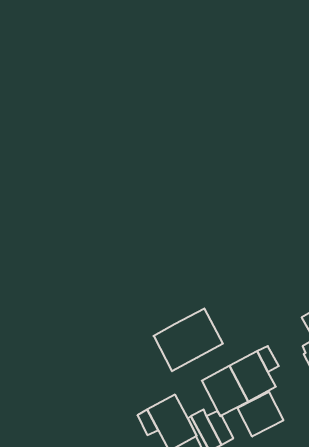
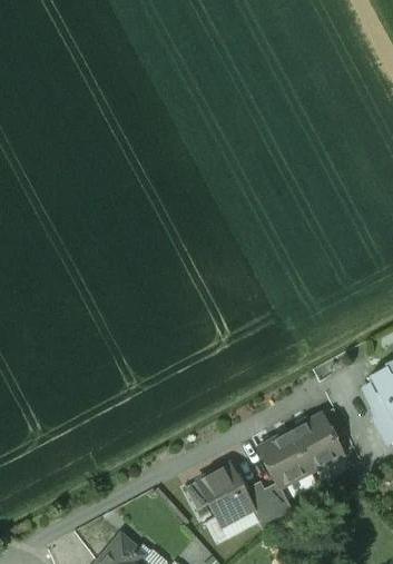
building: [153,308,223,371] -> none
building: [238,392,283,437] -> none

